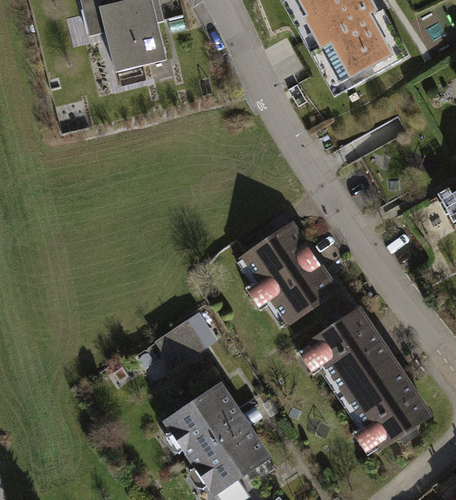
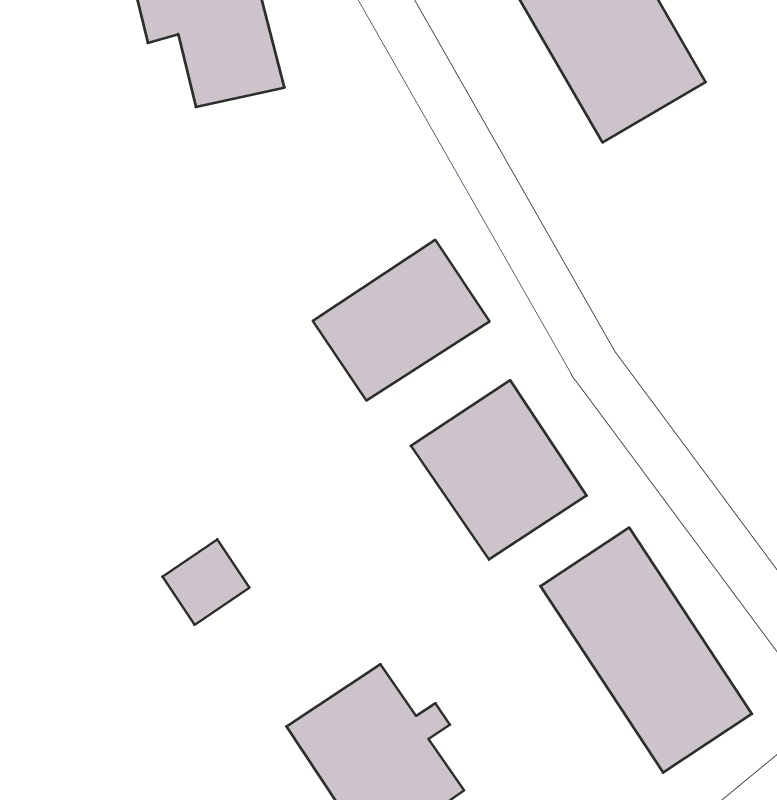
building: none -> [313,240,489,400]
building: [156,320,205,368] -> [162,539,249,625]

